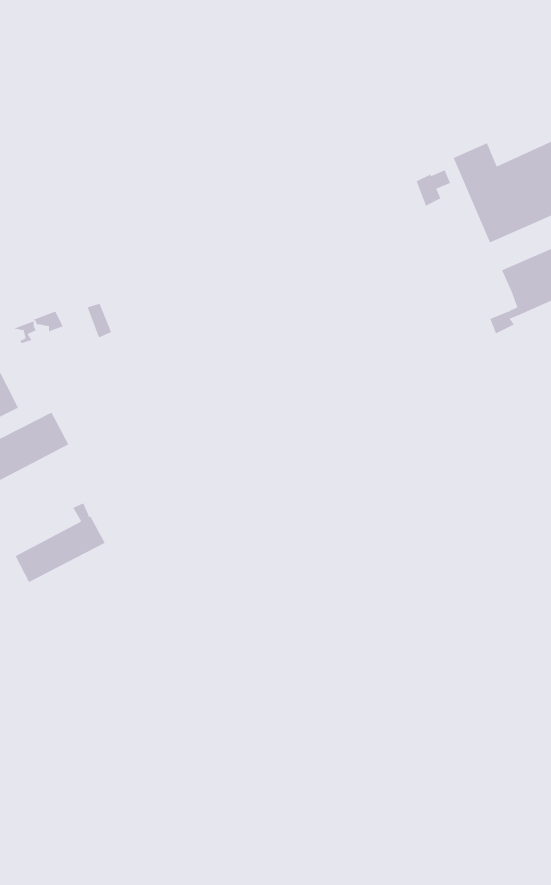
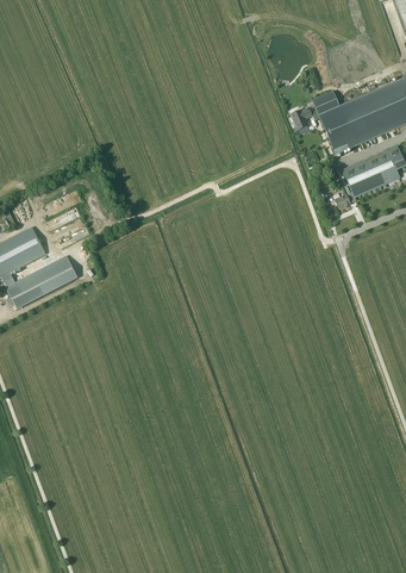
building: [15,502,105,583] -> none

